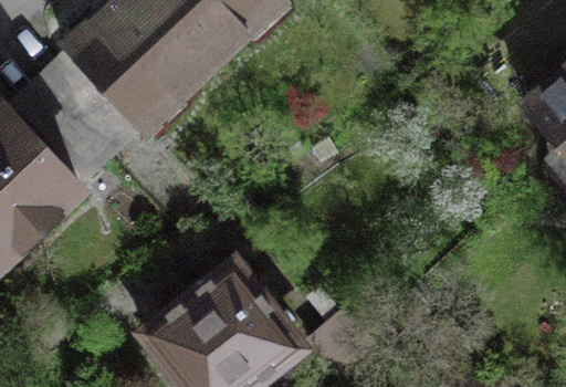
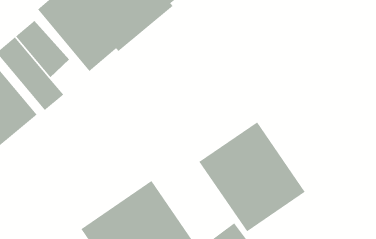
building: none -> [199,121,306,232]

